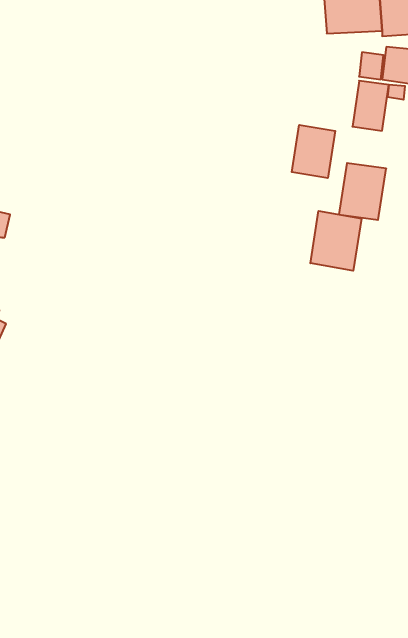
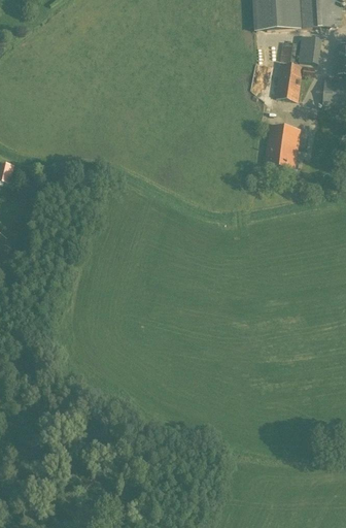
building: [292,125,335,178] -> none
building: [310,211,361,271] -> none

